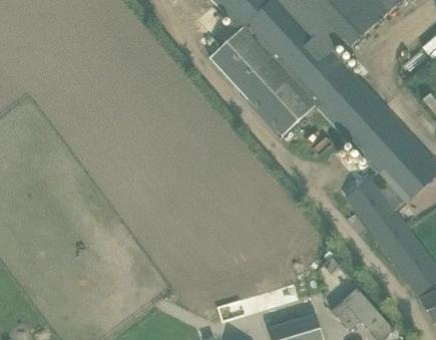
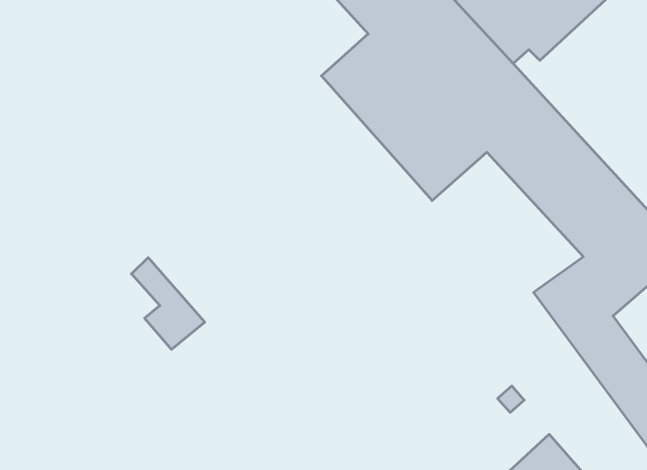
building: none -> [131,258,205,349]

